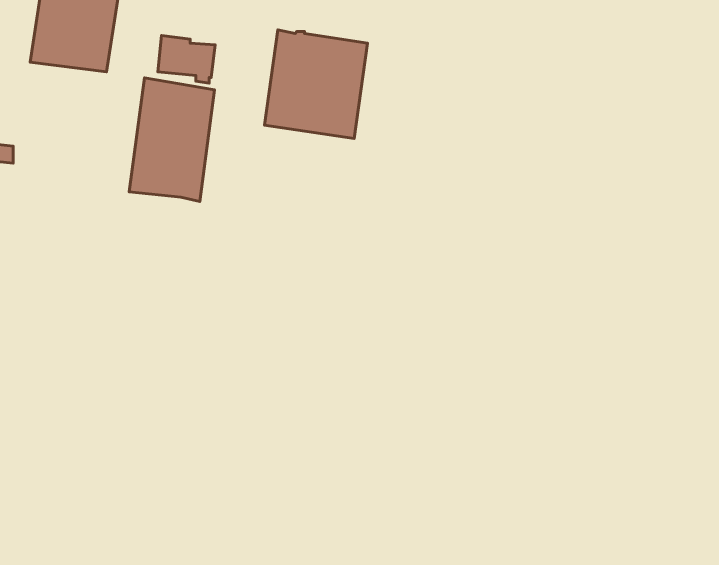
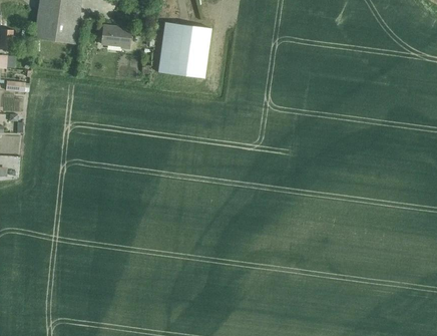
building: [129,78,215,202] -> none

